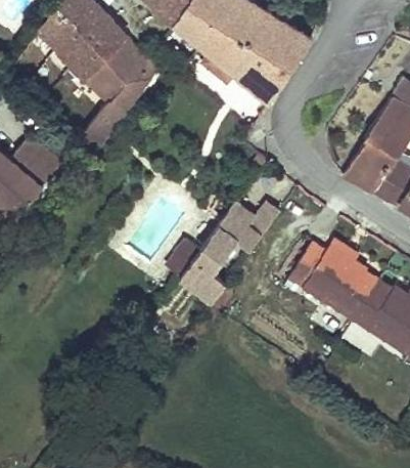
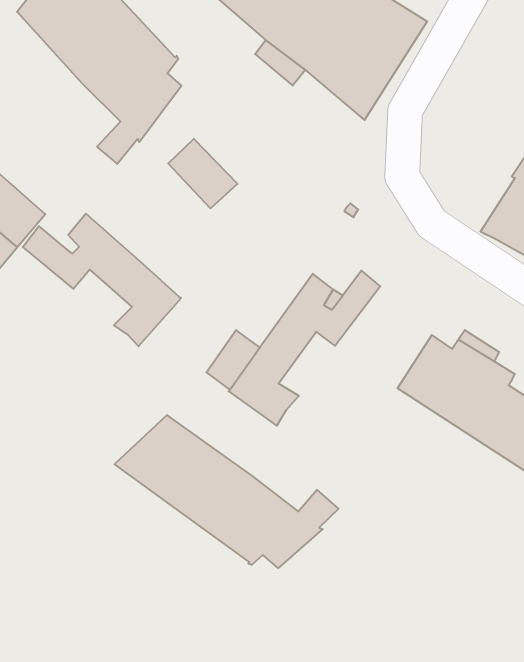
building: none -> [168,139,238,208]
building: none -> [23,214,181,346]
building: none -> [115,415,339,568]

